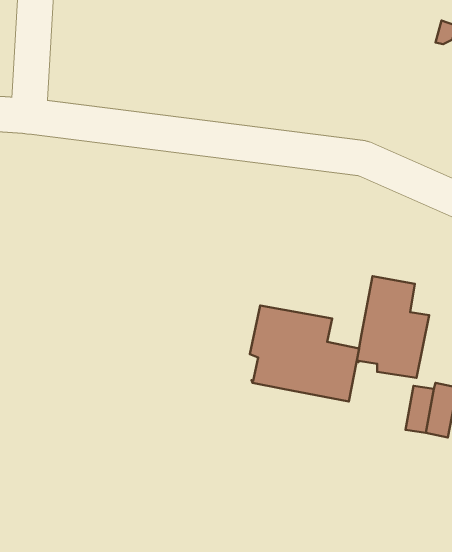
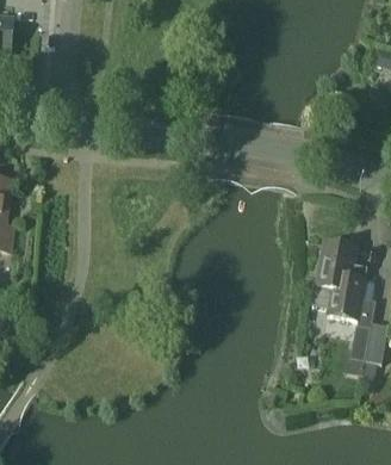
building: [250,306,359,401] -> none

